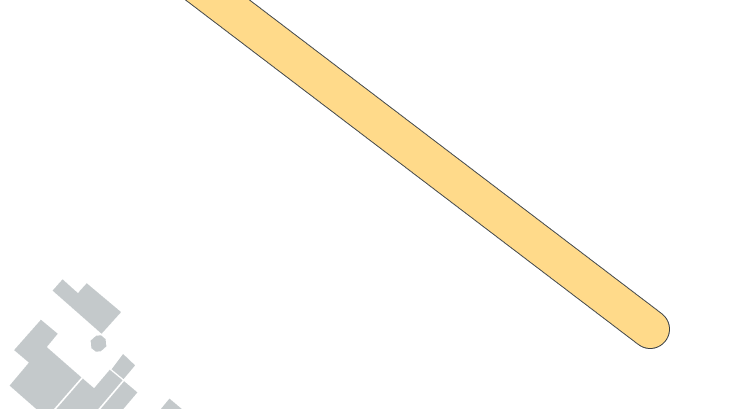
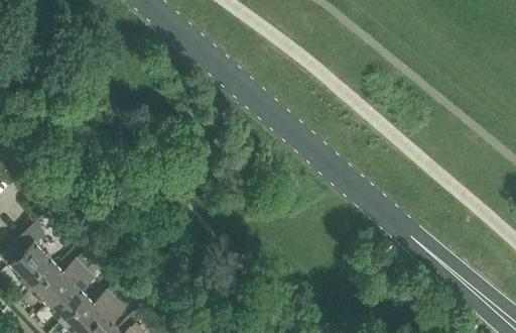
building: [52,278,122,335] -> none

